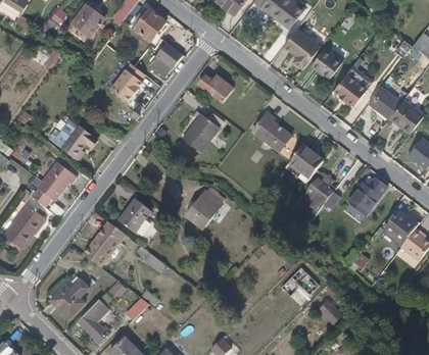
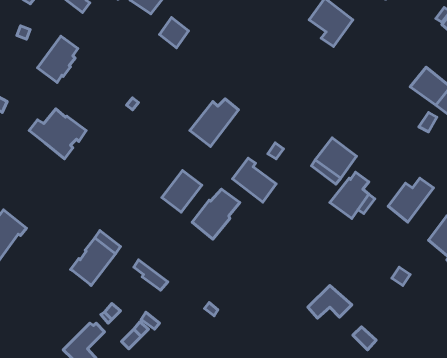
building: [312,47,342,79] -> none
building: [111,62,145,101] -> [38,36,78,83]
building: [333,72,366,104] -> none
building: [198,74,233,101] -> none
building: [253,113,290,150] -> [232,158,276,202]
building: [31,161,76,207] -> none
building: [117,198,151,233] -> [162,171,202,212]
building: [50,277,88,318] -> none

